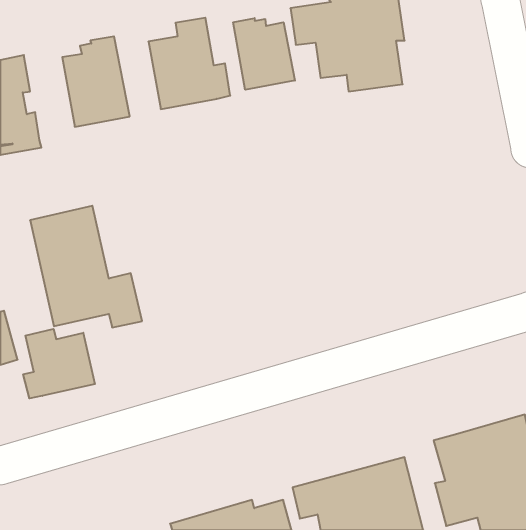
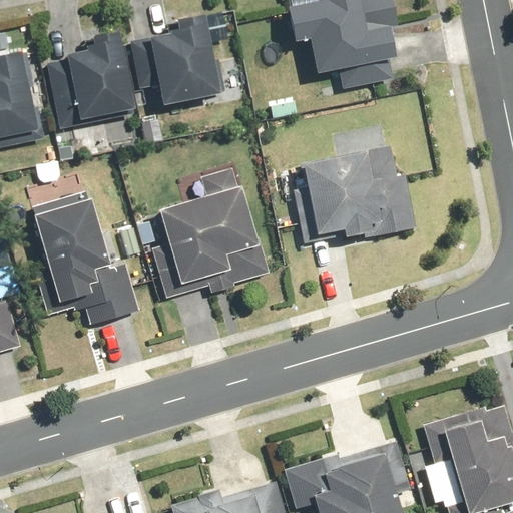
building: [233,18,295,90] -> none
building: none -> [302,125,414,243]
building: none -> [154,164,269,288]
building: [23,329,95,398] -> none

